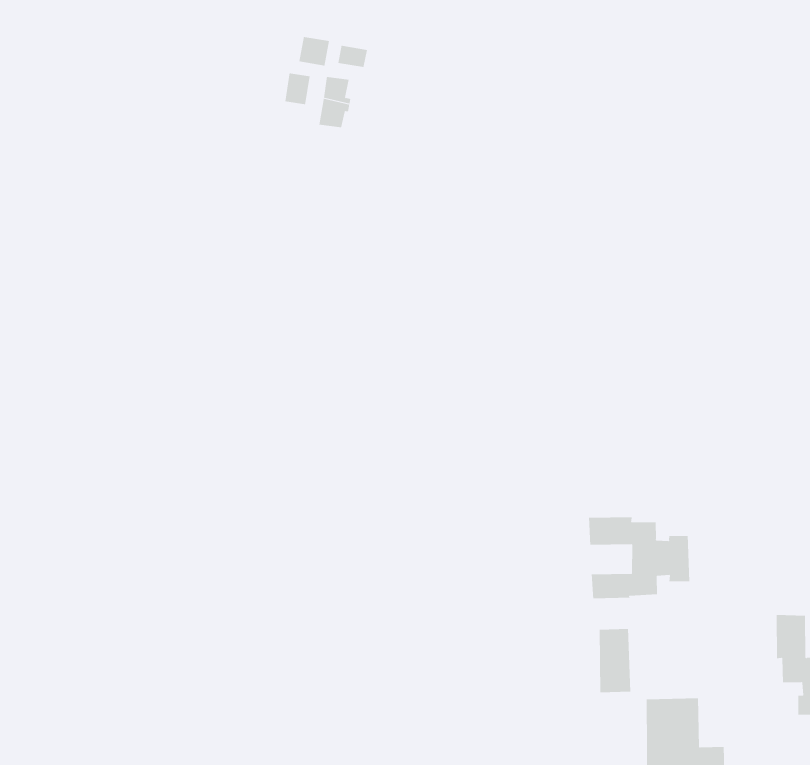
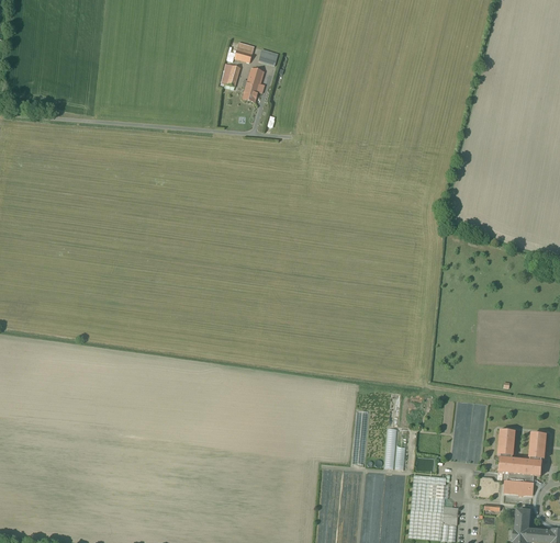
building: [589,517,690,599] -> none

